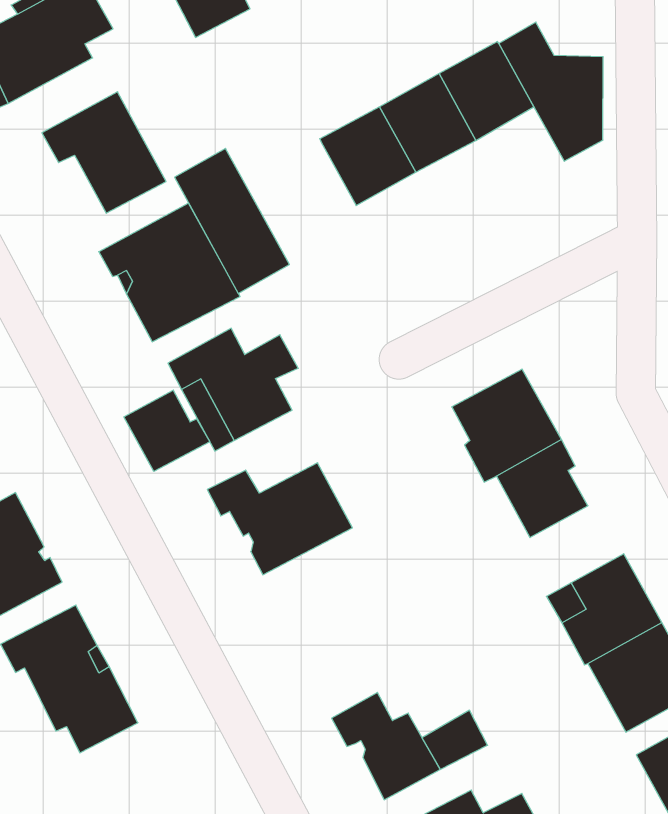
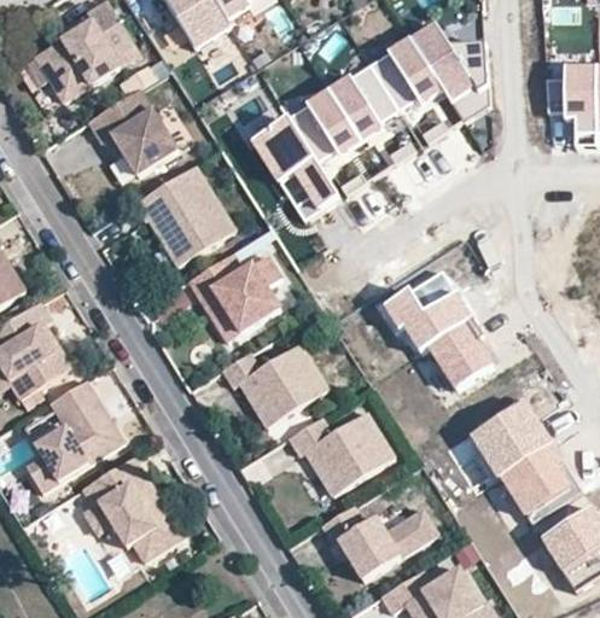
building: [175,148,289,293] -> [252,117,338,220]
building: [124,390,210,471] -> none
building: none -> [289,413,394,496]

